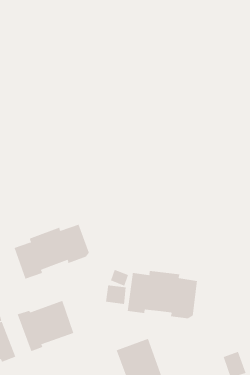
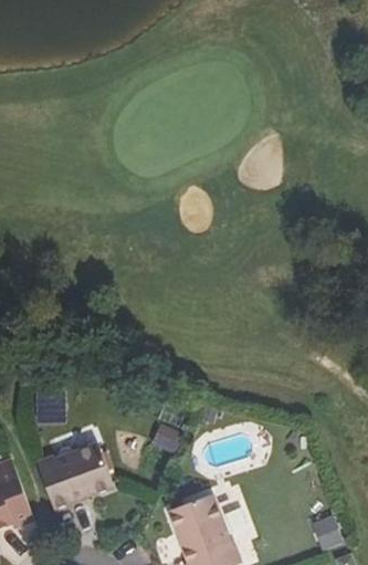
building: [14,224,90,280] -> none
building: [127,270,198,319] -> none

